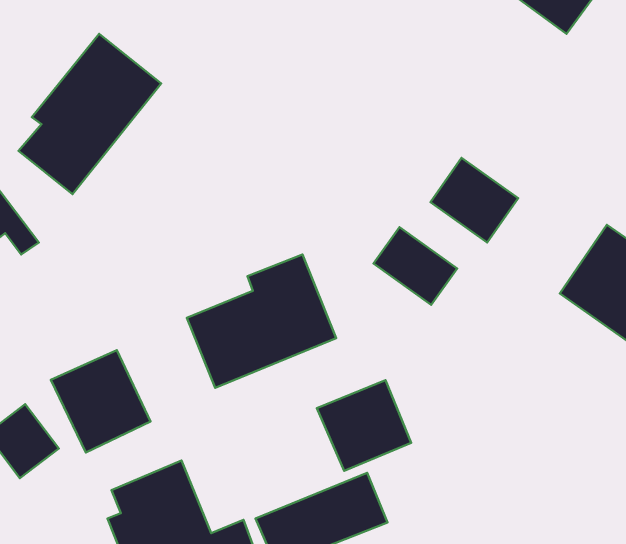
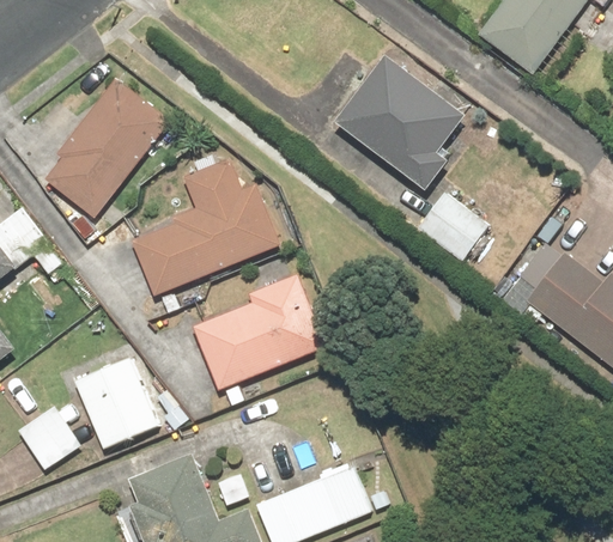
building: none -> [332,56,462,191]
building: none -> [131,160,279,297]
building: [373,227,457,305] -> none
building: [317,380,411,471] -> none

